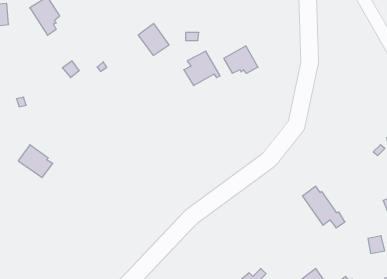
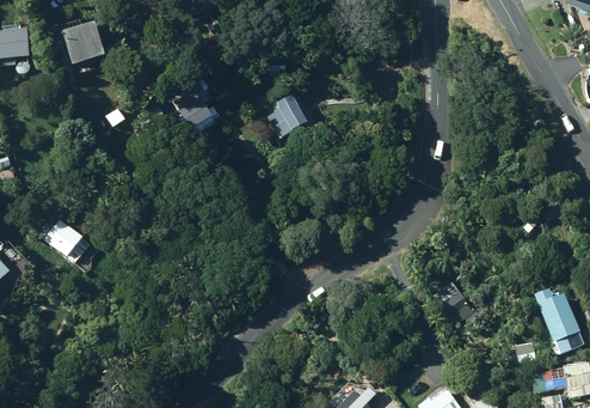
building: [138,24,169,55] -> [171,84,213,127]
building: [224,46,258,73] -> none

